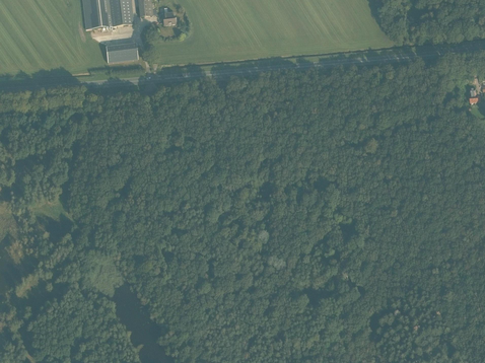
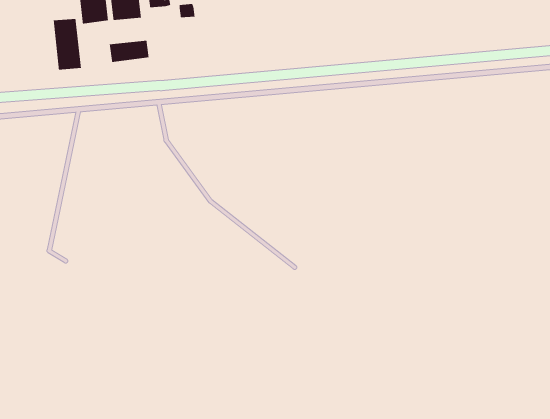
building: none -> [53,18,82,70]

